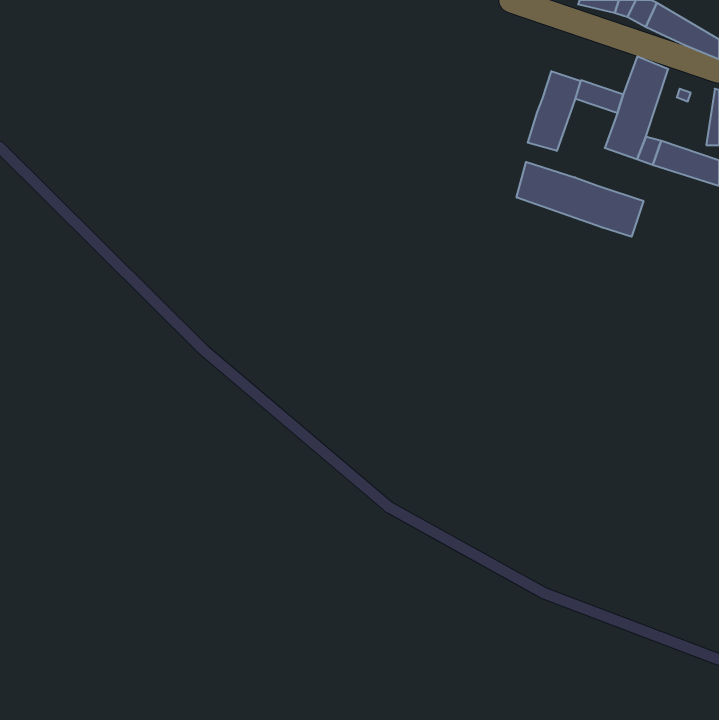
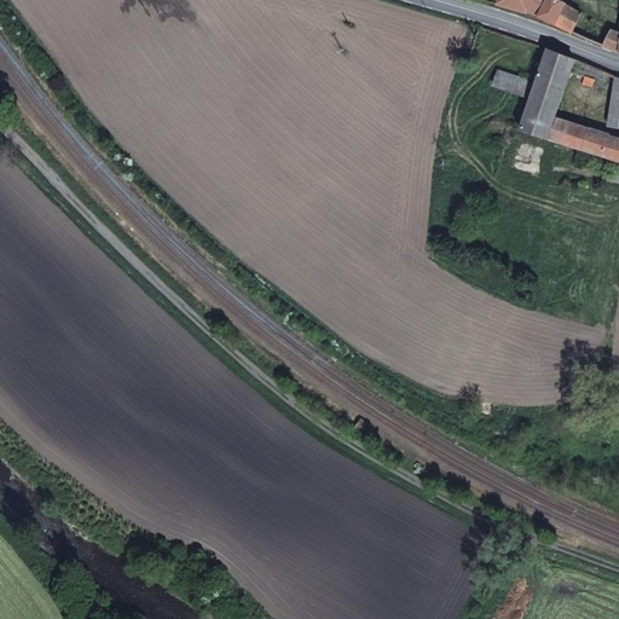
building: [528,71,581,151] -> none
building: [517,162,643,237] -> none

